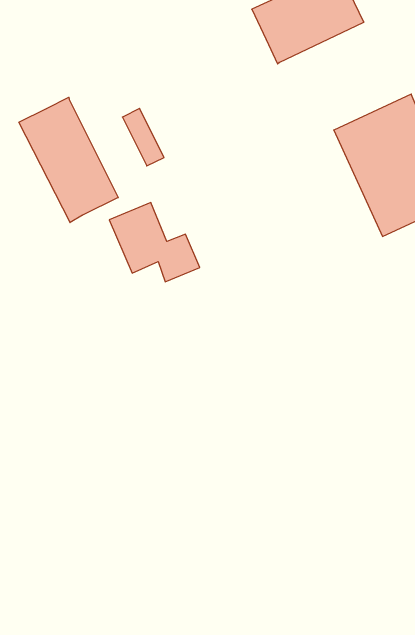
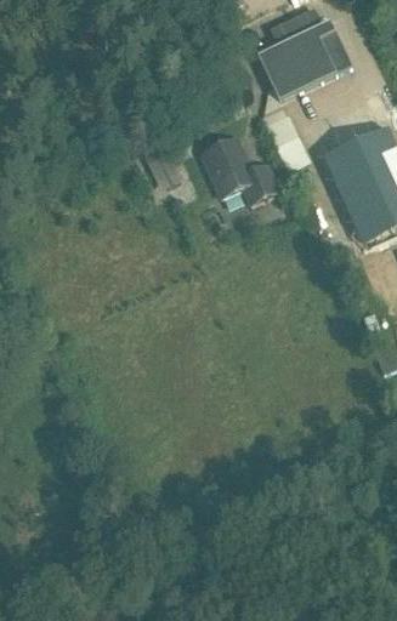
building: [19,97,118,223] -> none
building: [109,203,200,282] -> [202,135,278,201]

